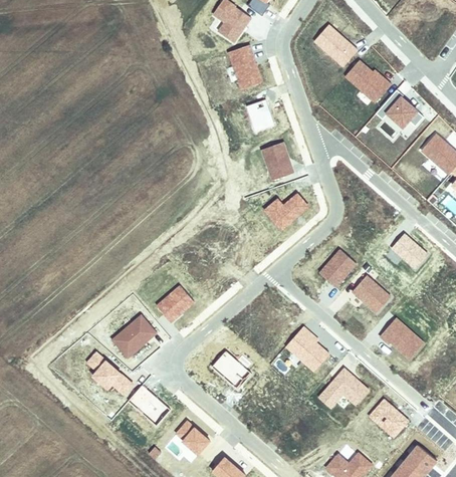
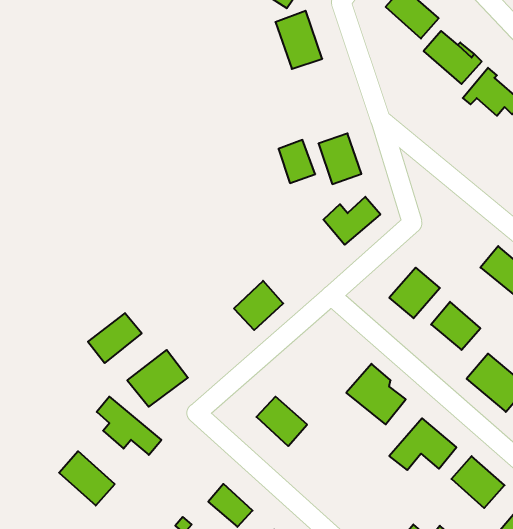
building: [246,98,275,133] -> [278,140,315,183]
building: none -> [88,313,142,363]
building: [156,284,195,323] -> [234,281,283,330]
building: [127,384,171,427] -> [59,451,115,506]

